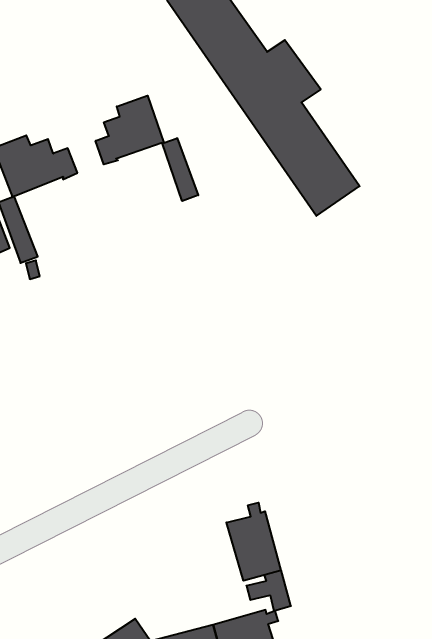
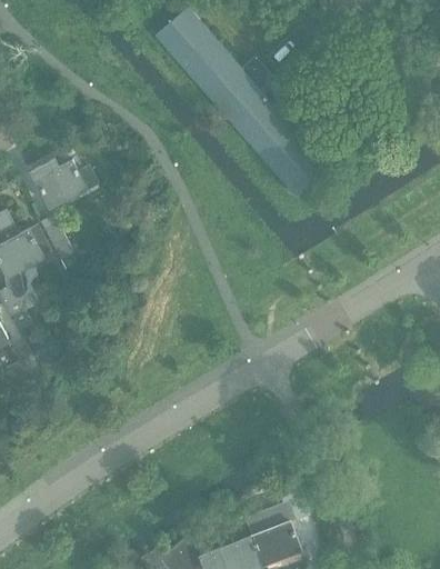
building: [96,96,198,201] -> none
building: [226,503,281,581] -> none

